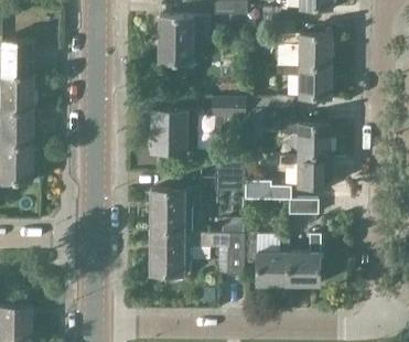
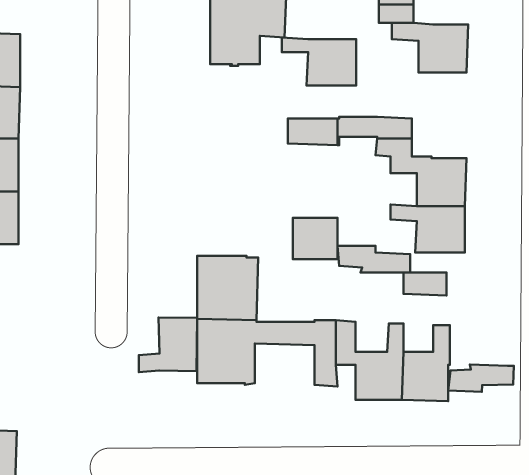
building: [280,65,330,97] -> [282,37,356,85]
building: [151,110,193,151] -> none
building: none -> [139,317,197,372]
building: none -> [448,364,514,392]

